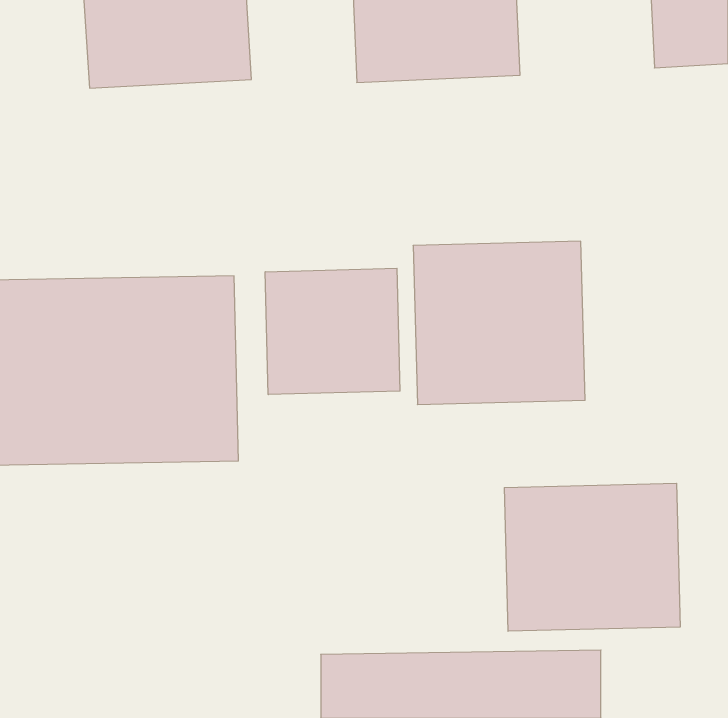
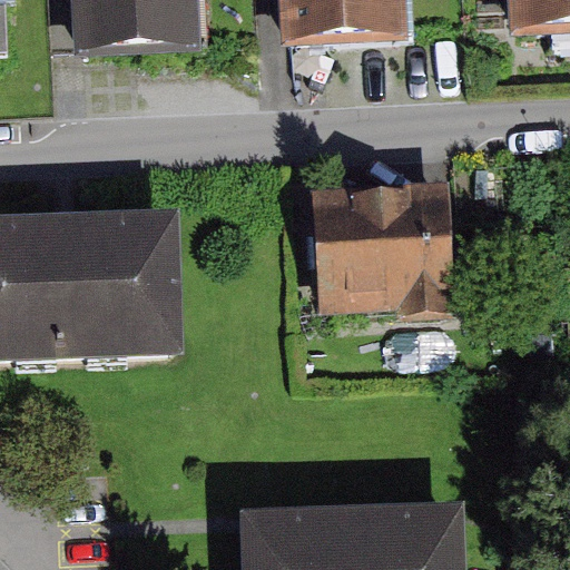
building: [265,268,400,395] -> none
building: [504,483,680,631] -> none

